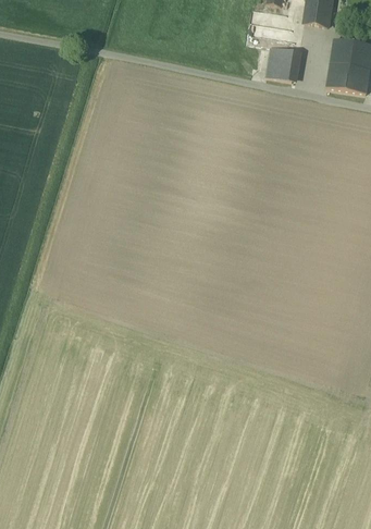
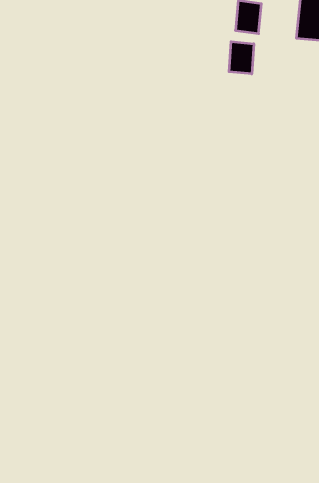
building: none -> [229,42,254,74]

